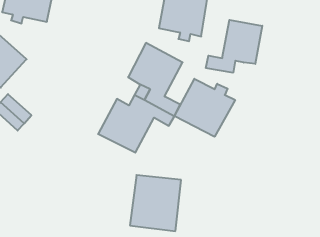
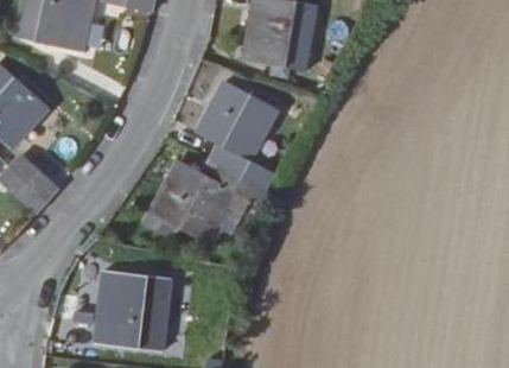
building: [206,20,262,73] -> none
building: [174,79,235,137] -> none
building: [130,175,181,231] -> [95,269,170,351]

